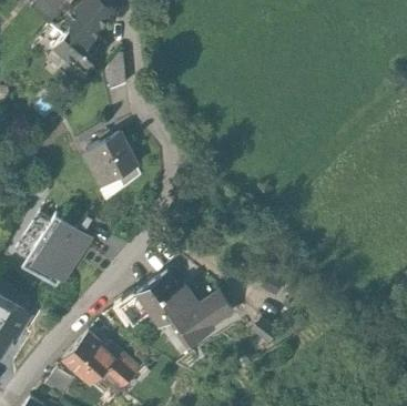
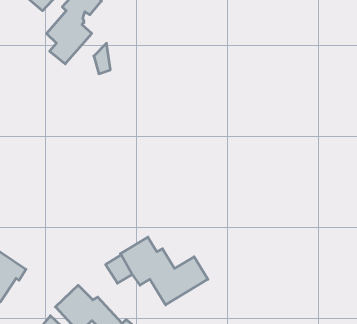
building: [87,135,135,185] -> none
building: [17,213,90,284] -> none

